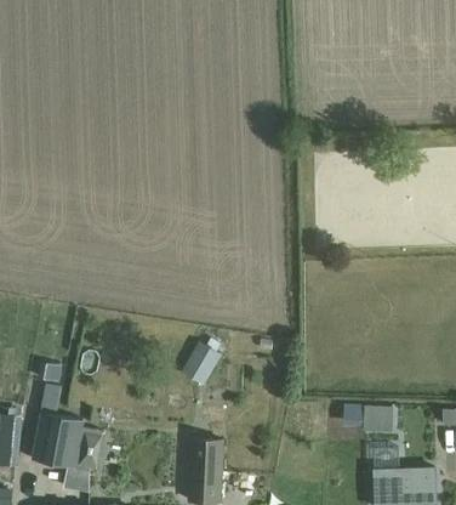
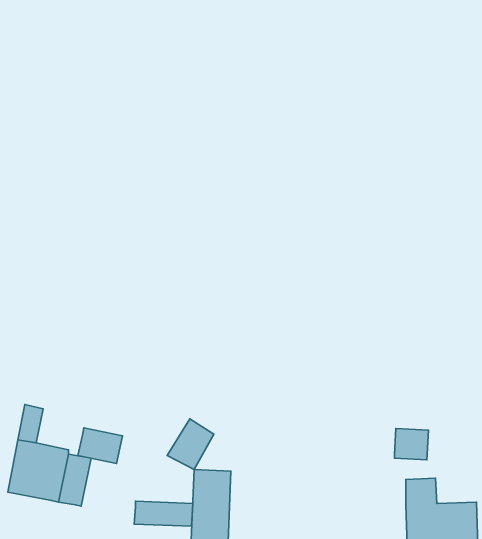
building: [181,342,221,386] -> [167,419,214,470]
building: none -> [78,428,123,464]
building: none -> [134,501,193,526]

